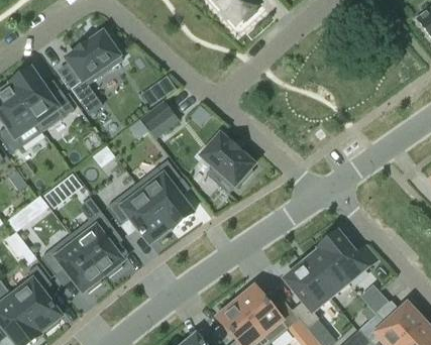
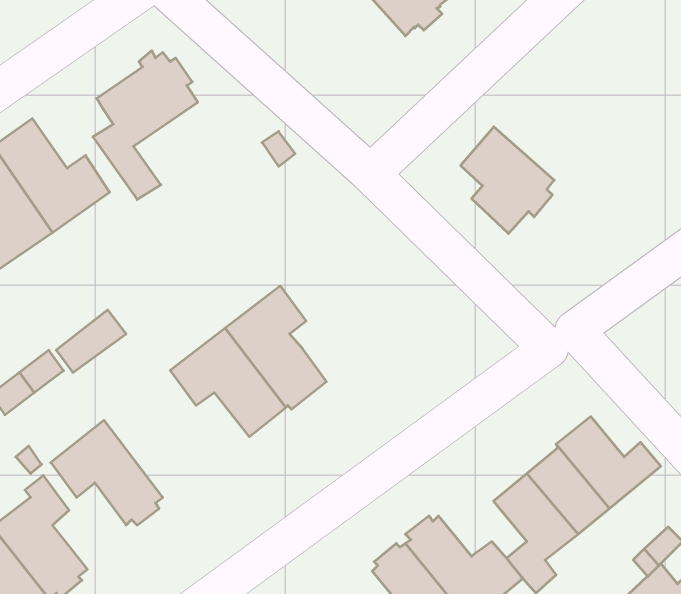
building: [142,101,179,136] -> none
building: [202,133,253,192] -> [461,127,554,234]
building: [71,211,123,275] -> none

